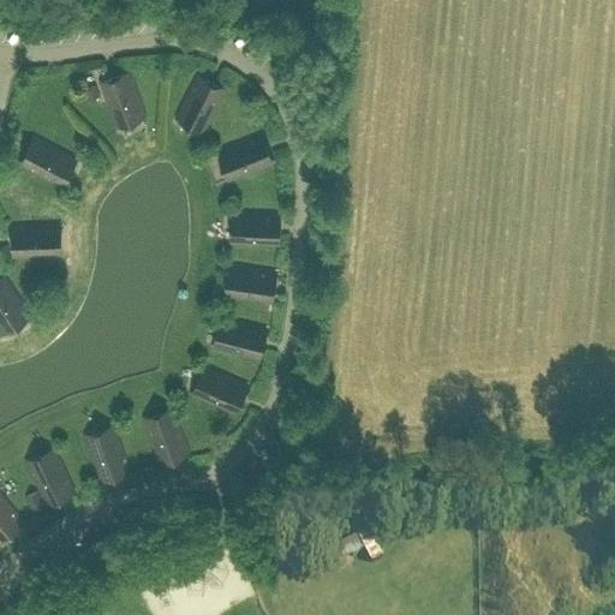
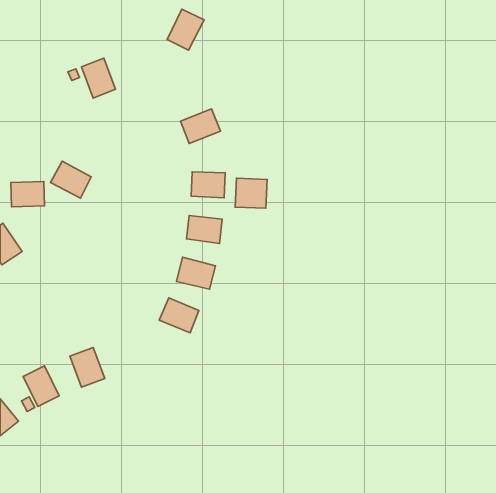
building: [179,79,225,130] -> [167,9,204,50]
building: [20,141,71,186] -> [50,161,91,198]
building: none -> [235,178,267,208]
building: [145,417,189,466] -> none

